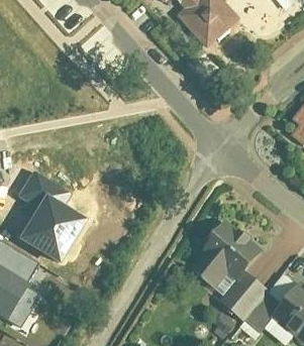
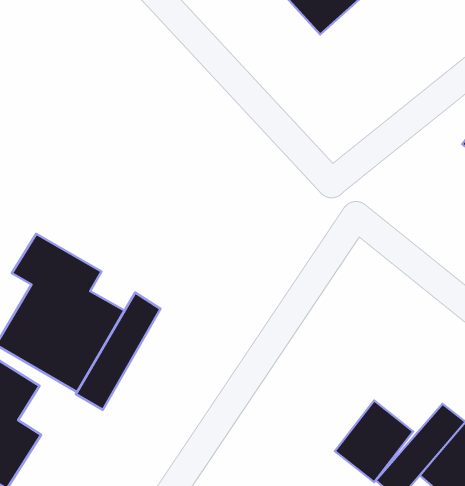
building: none -> [76,293,160,410]
building: [187,222,260,299] -> none

